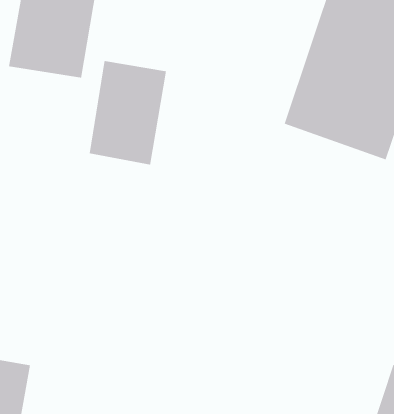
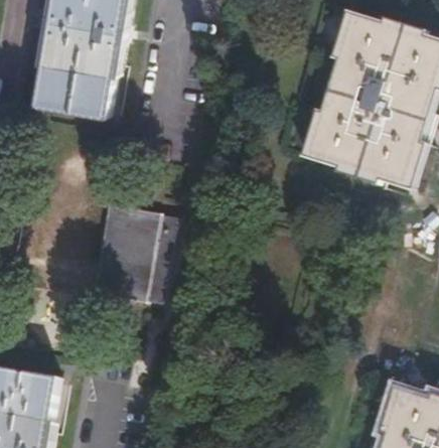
building: [89,61,167,165] -> [104,210,177,309]

